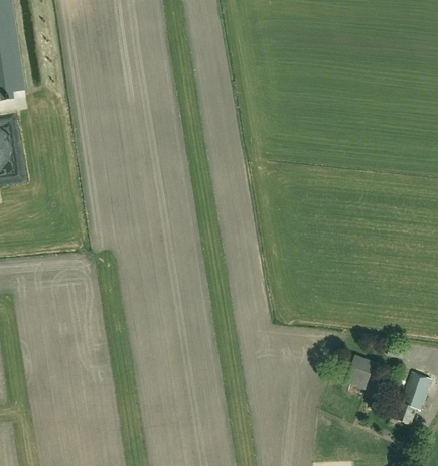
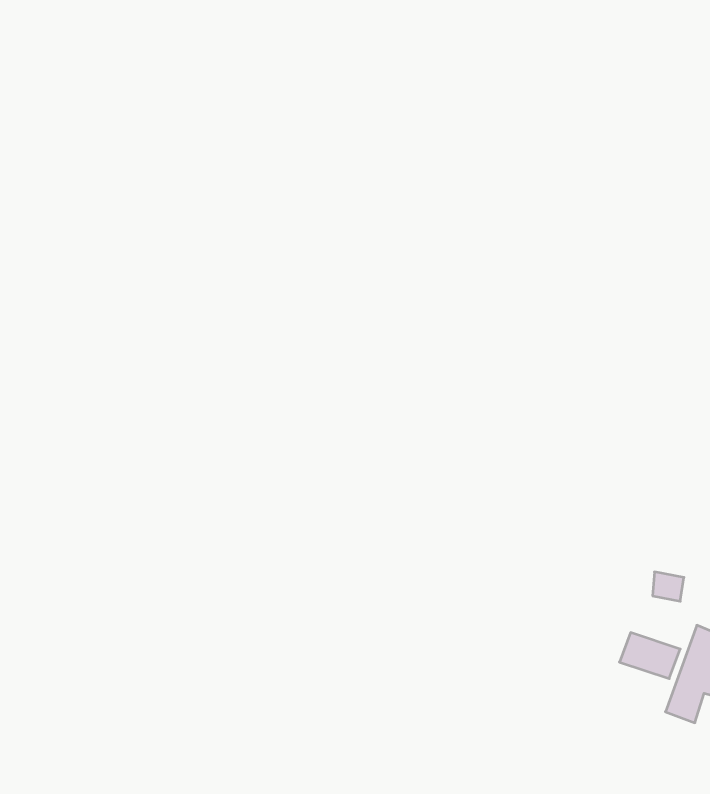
building: [345,355,375,390] -> none

